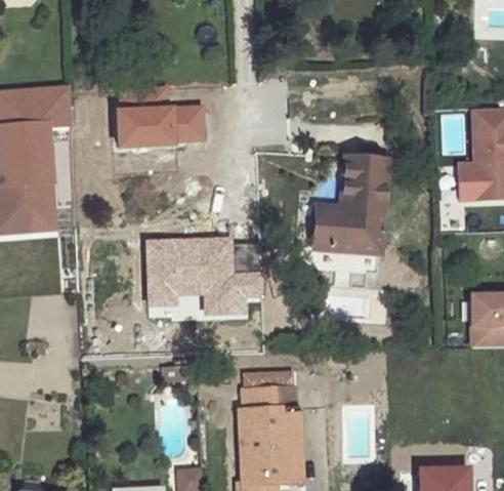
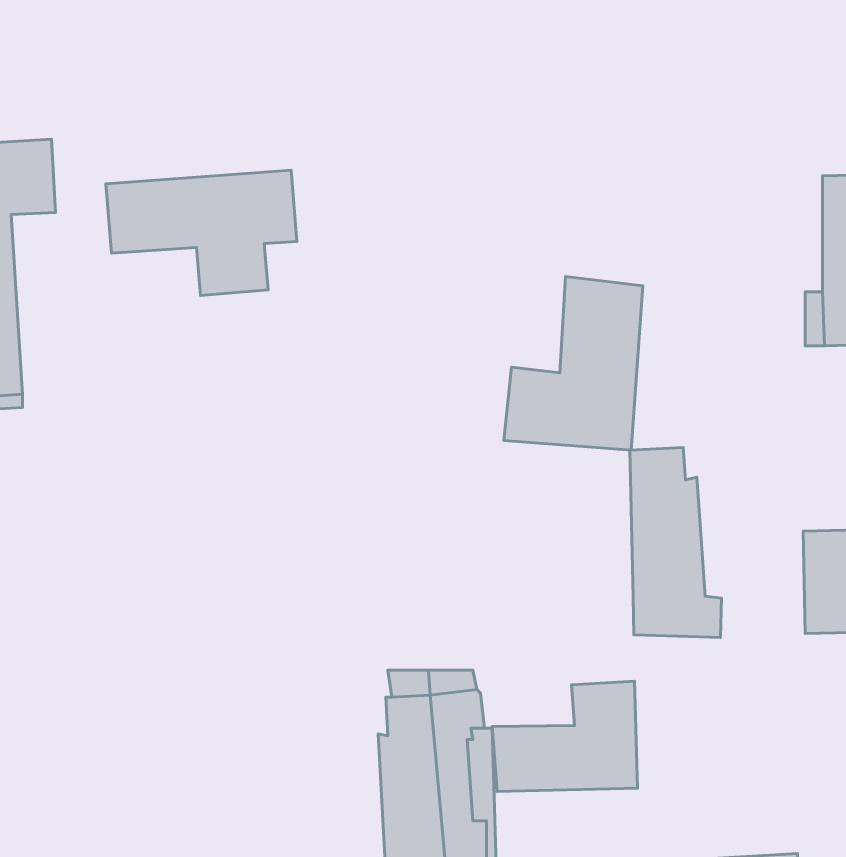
building: [143,239,259,309] -> none
building: none -> [630,447,722,637]
building: none -> [492,681,638,791]

